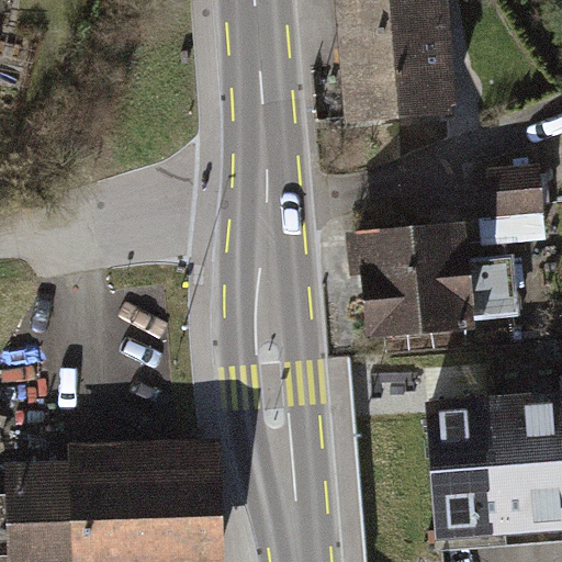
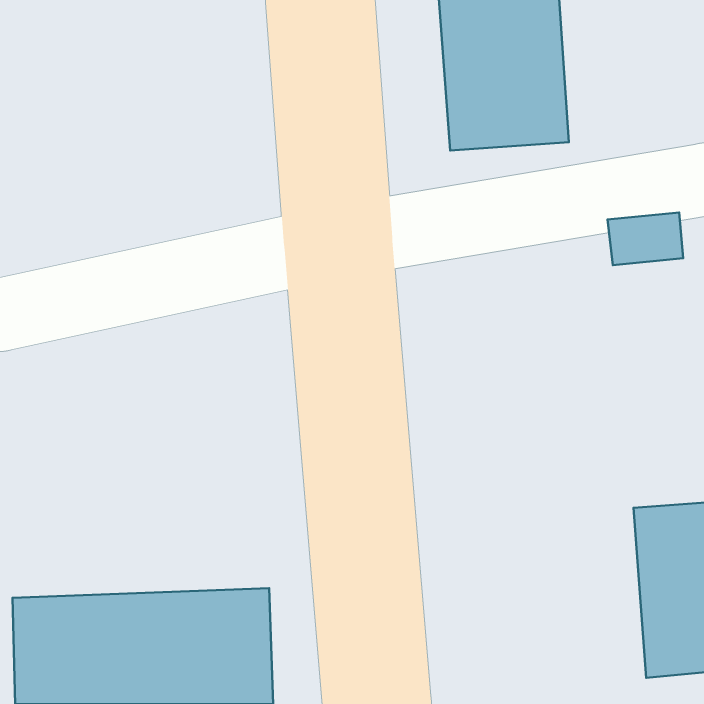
building: [357,234,521,338] -> none
building: [437,404,514,544] -> none

